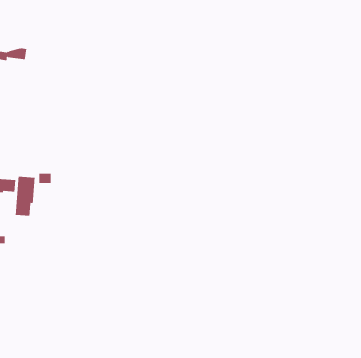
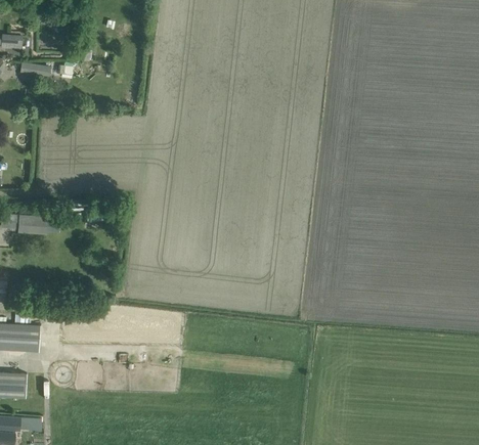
building: [15,176,35,217] -> none

